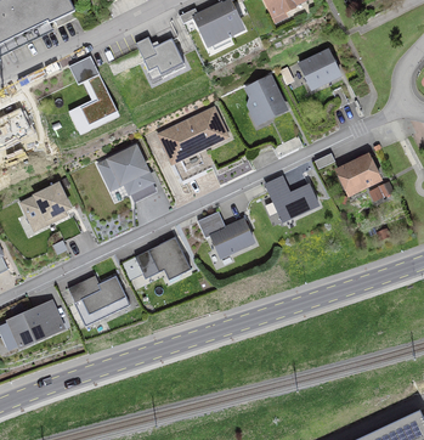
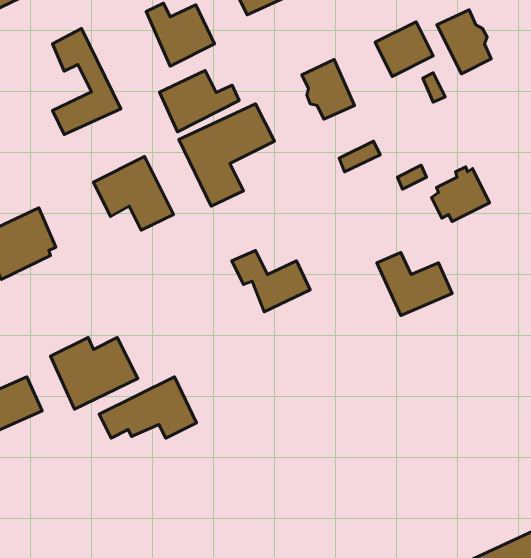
building: none -> [437,10,491,74]
building: none -> [160,71,239,132]
building: [265,176,318,221] -> [377,252,452,316]
building: [121,236,191,280] -> [99,377,197,438]

